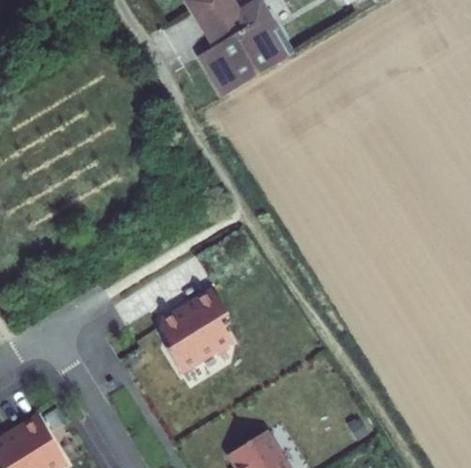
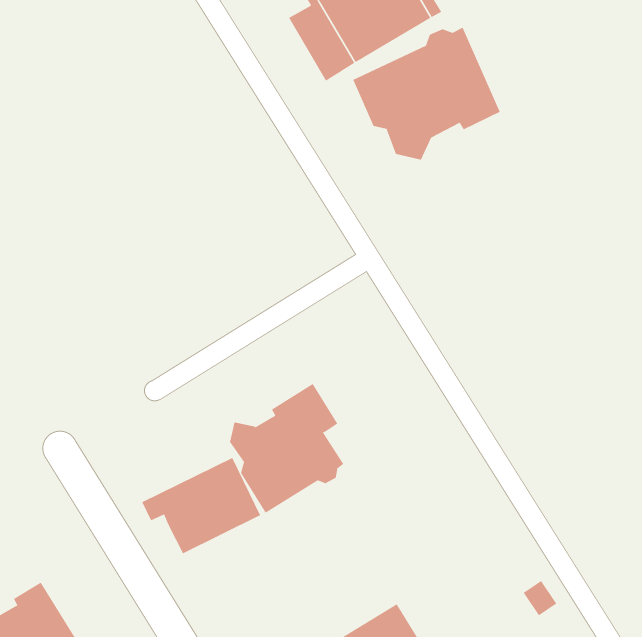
building: none -> [352,27,501,161]
building: none -> [141,457,261,554]

